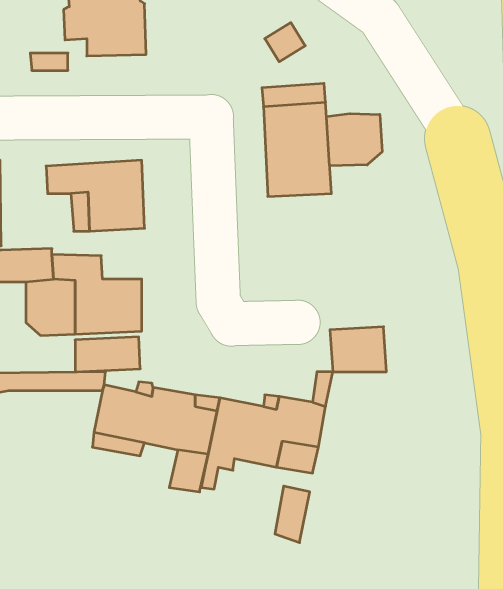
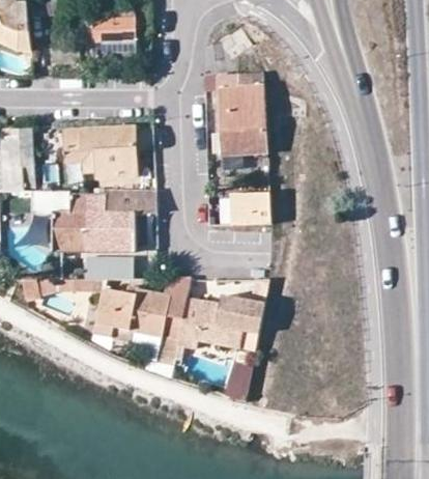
building: [327,114,382,166] -> none
building: none -> [104,190,156,213]
building: [330,327,386,372] -> [232,192,273,224]

